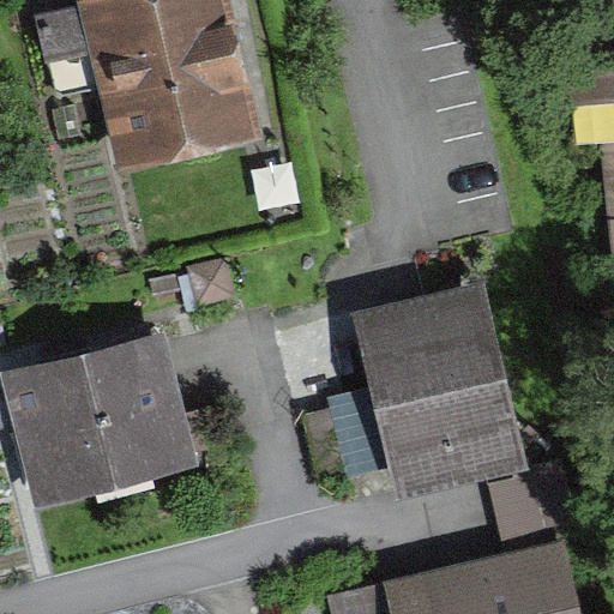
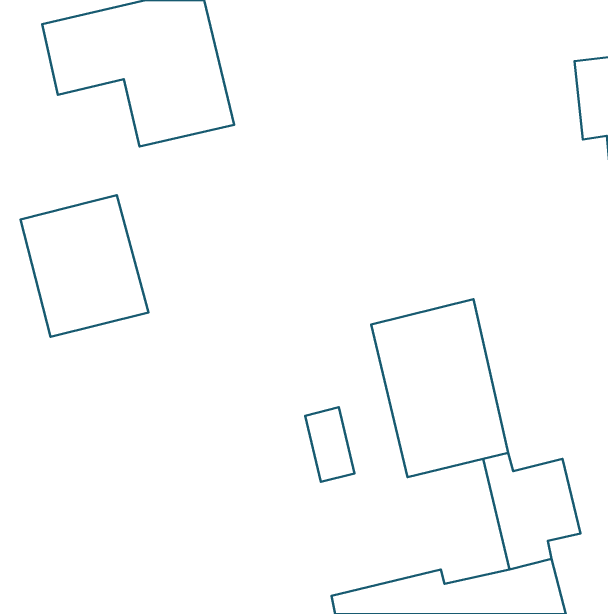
building: none -> [21,195,148,337]
building: [20,342,180,486] -> none

